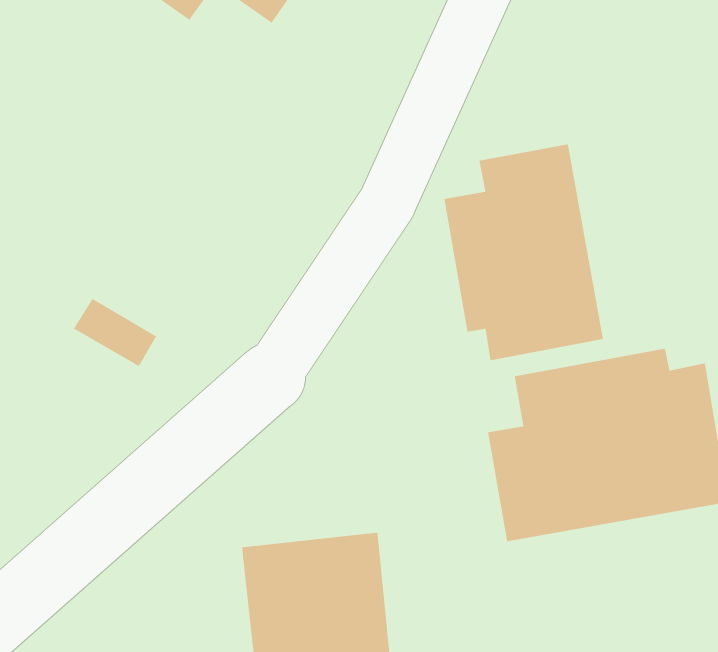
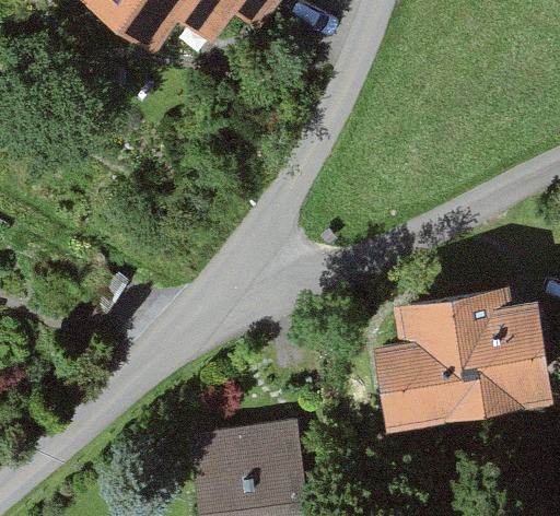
building: [444,143,604,361] -> none

